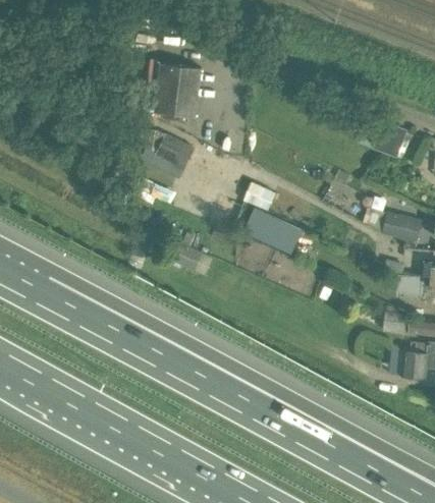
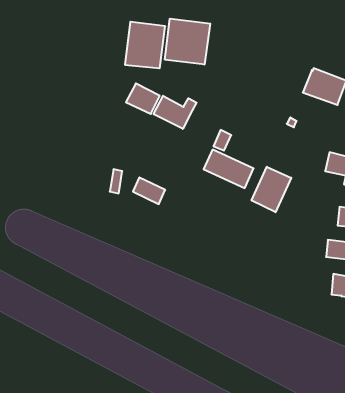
building: none -> [165,19,210,65]
building: none -> [154,96,197,129]
building: none -> [252,167,291,212]

